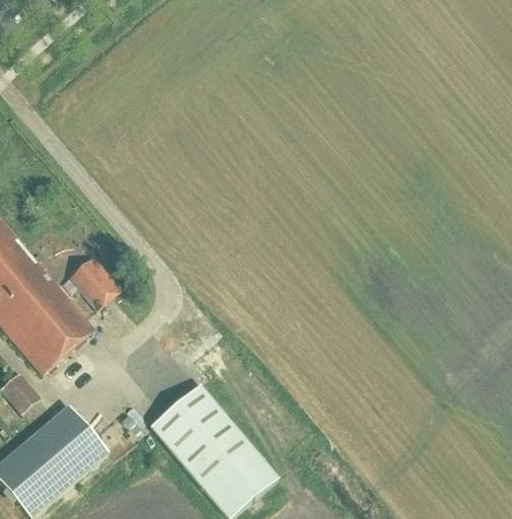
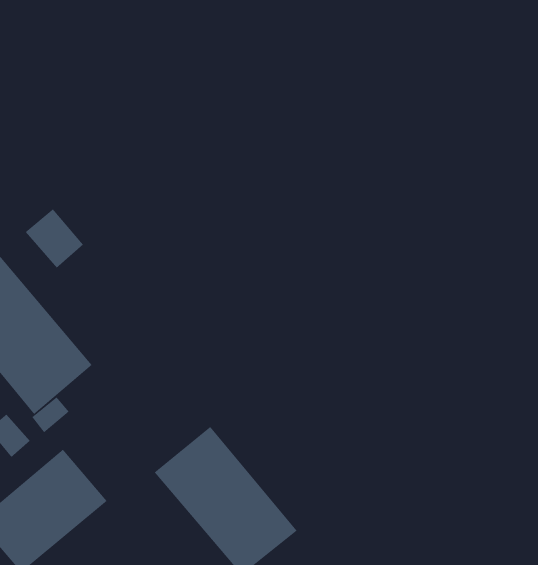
building: [68,255,121,309] -> [25,208,84,268]
building: none -> [31,397,70,433]

